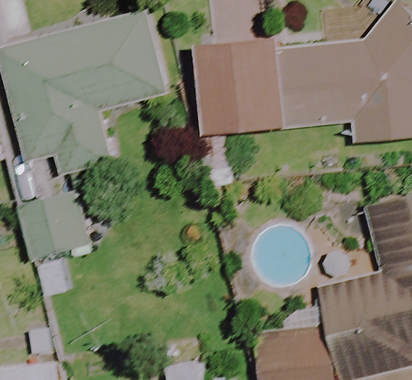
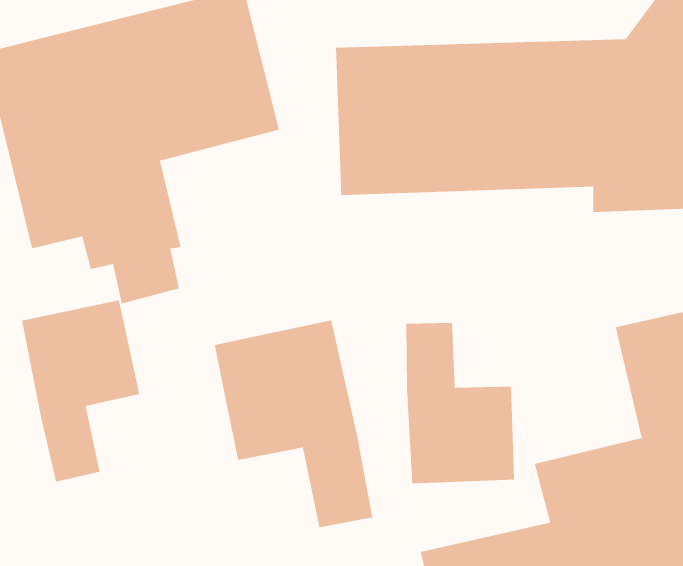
building: none -> [214,319,373,528]
building: none -> [405,322,515,484]

